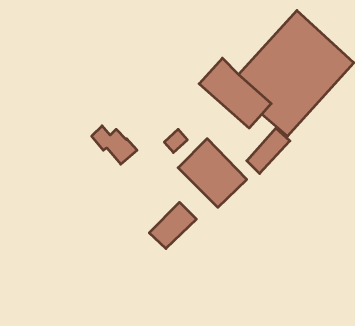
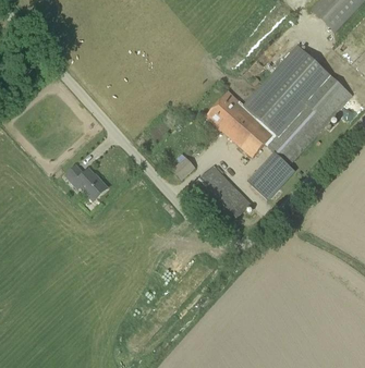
building: [92,126,137,164] -> [65,163,108,199]
building: [149,202,196,249] -> none

